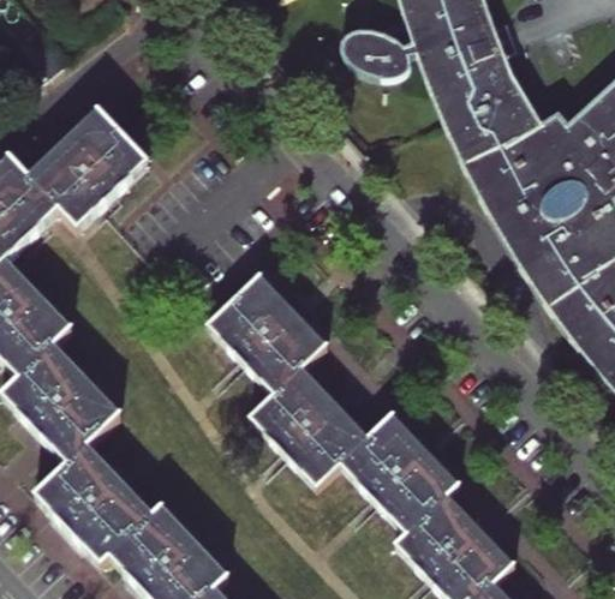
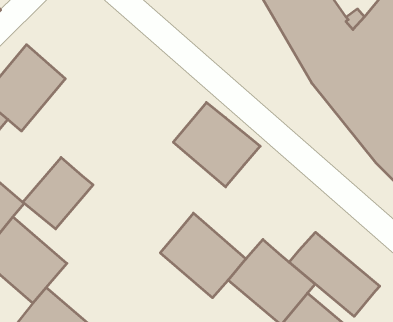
building: none -> [23,157,93,229]
building: [208,274,327,393] -> [173,102,260,187]
building: none -> [289,232,380,316]

